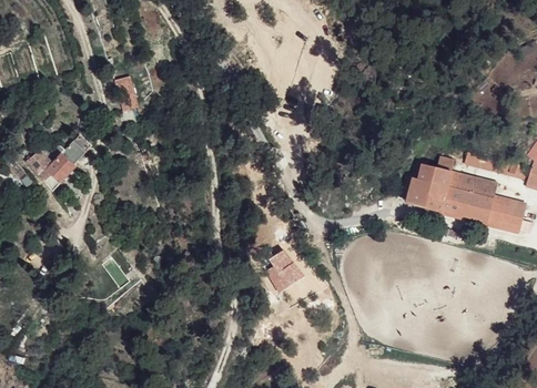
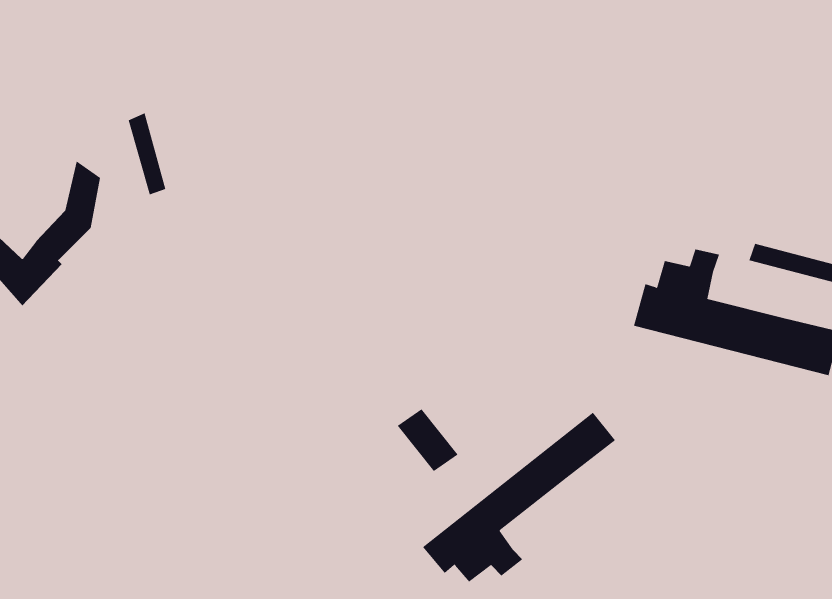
building: [448,171,497,197] -> none
building: none -> [422,412,616,583]

